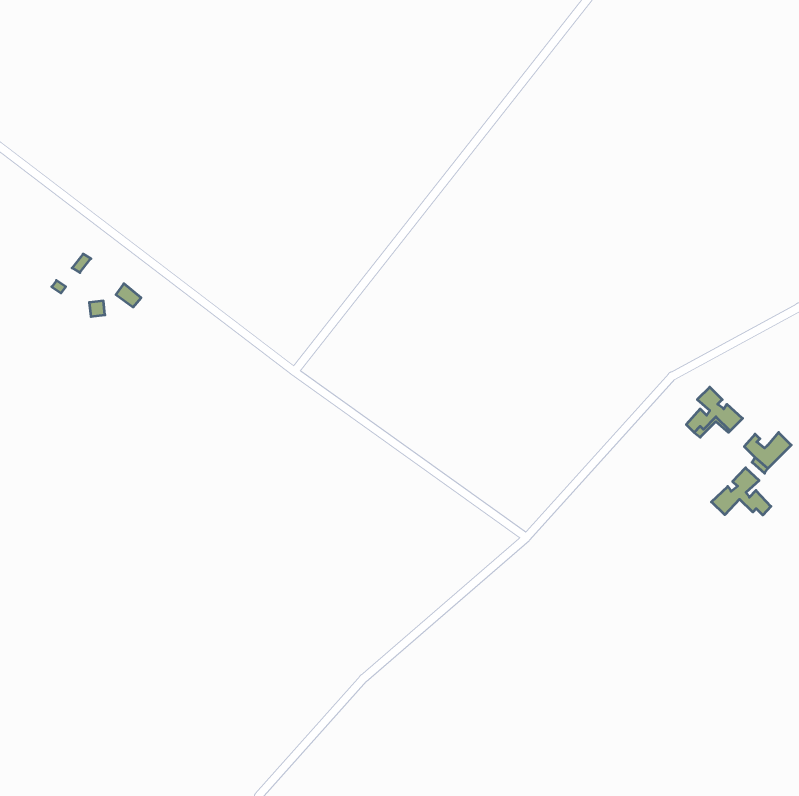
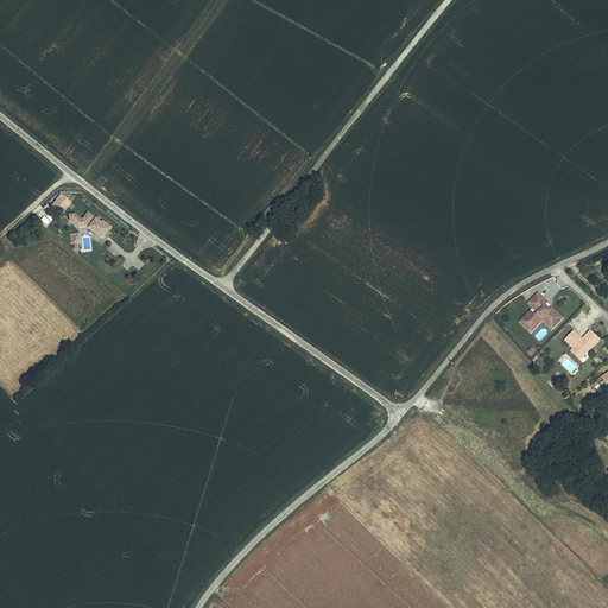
building: [711,468,771,515] -> none

